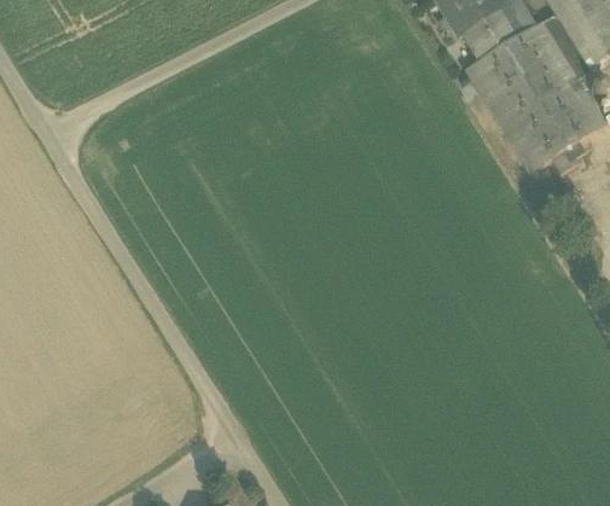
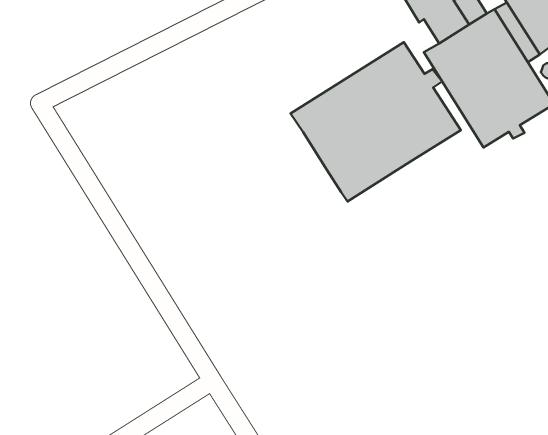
building: none -> [291,42,461,201]

